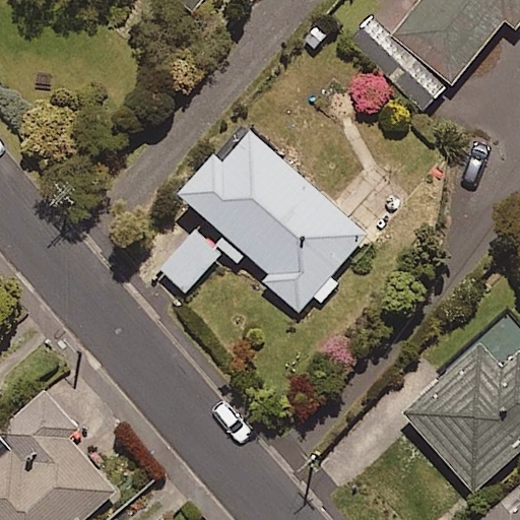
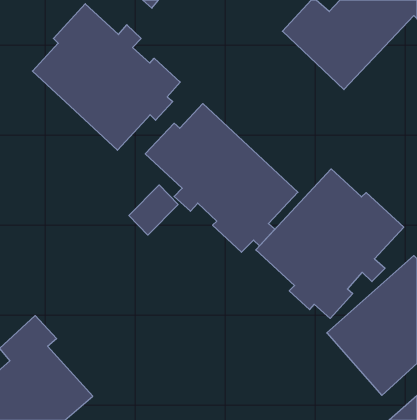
building: none -> [32,4,180,150]
building: none -> [256,169,404,318]

